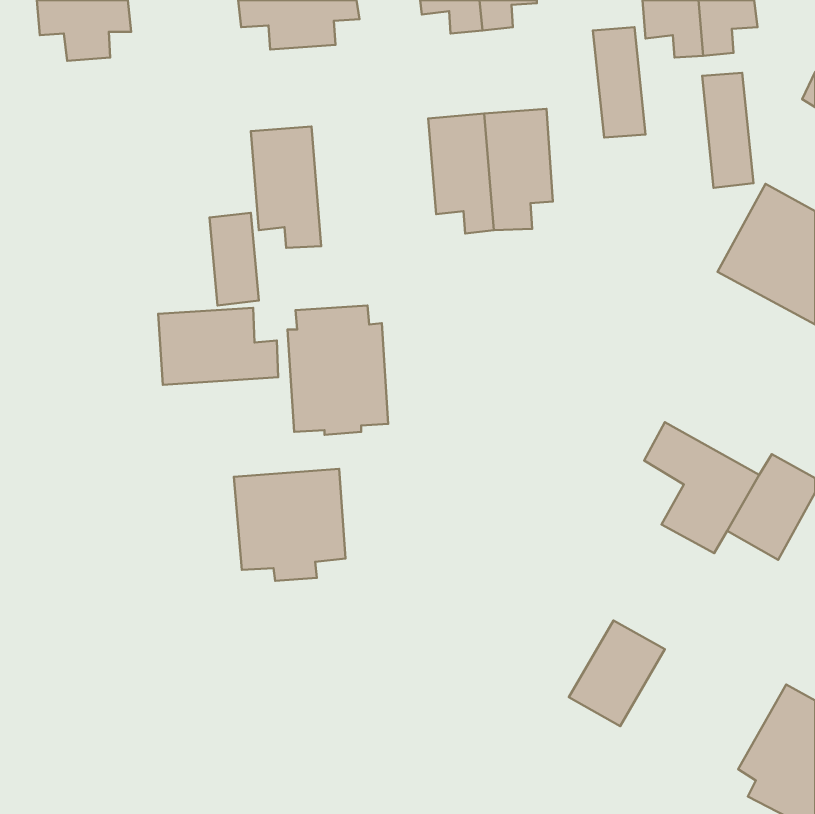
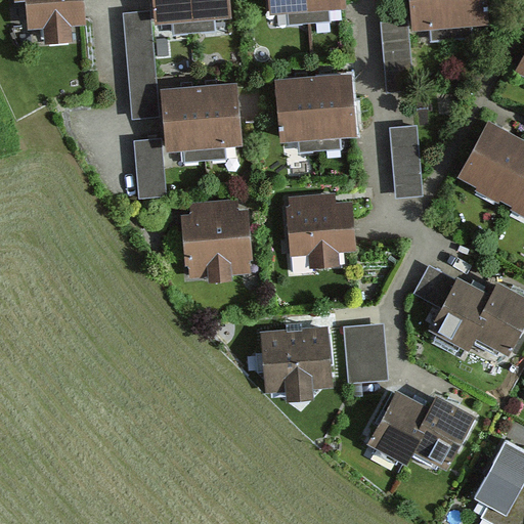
building: none -> [123,10,168,119]
building: [702,73,753,188] -> [389,126,422,200]
building: none -> [200,80,239,160]
building: none -> [287,194,355,266]
building: [158,308,278,385] -> none
building: [234,469,346,581] -> [259,326,331,398]
building: none -> [342,323,387,384]
building: none -> [406,403,467,472]

